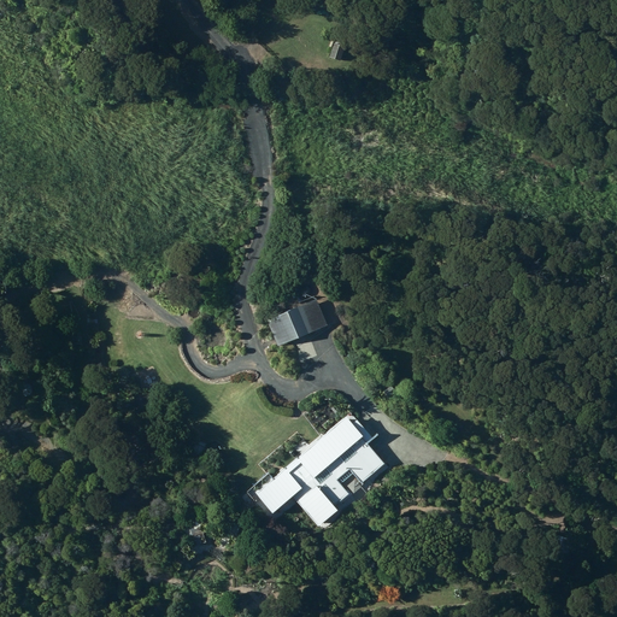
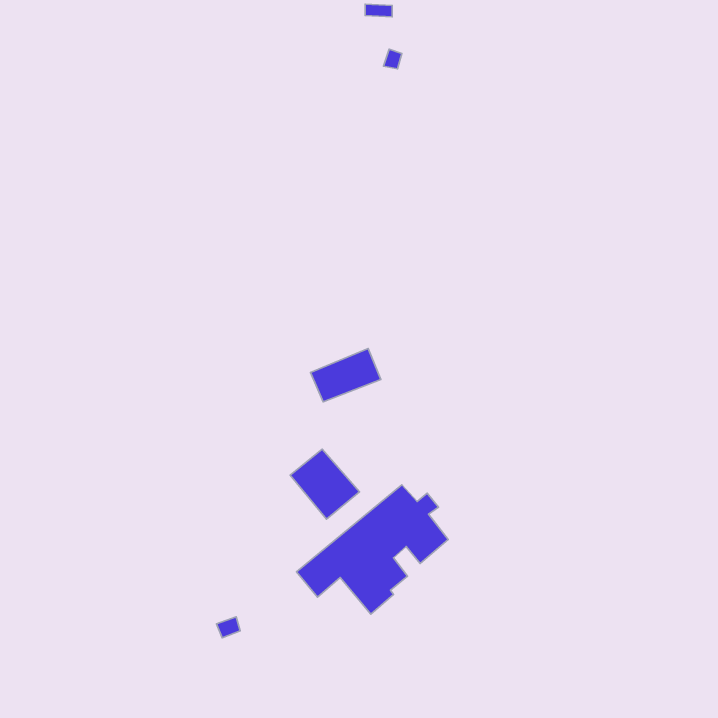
building: none -> [290,449,359,519]

